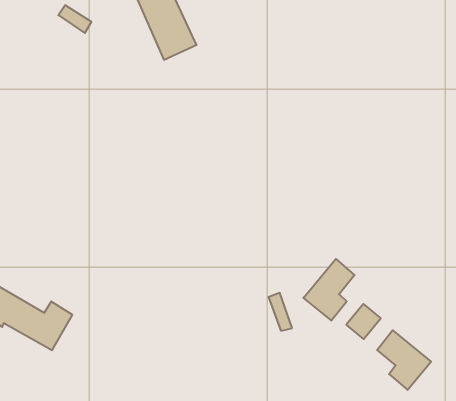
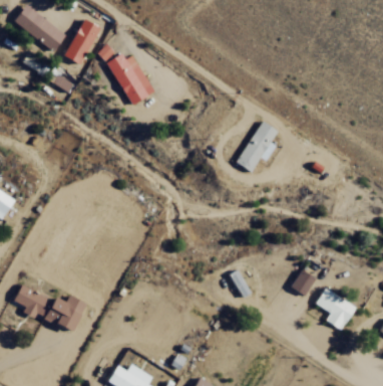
building: none -> [235,120,277,172]
building: [303,259,355,321] -> none

